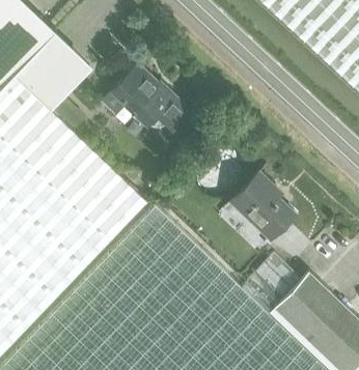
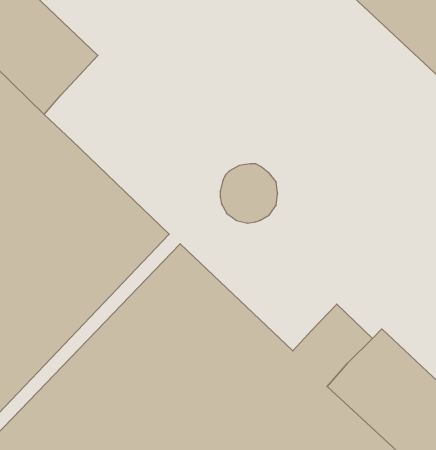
building: [101,64,188,127] -> none
building: [228,172,294,239] -> none

